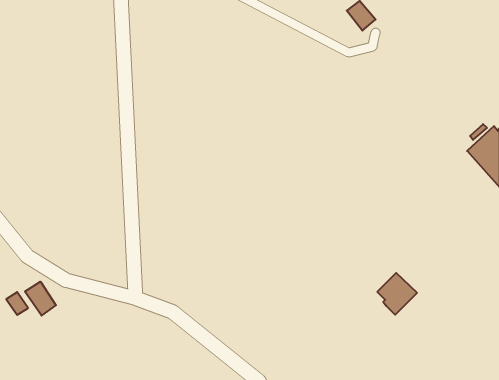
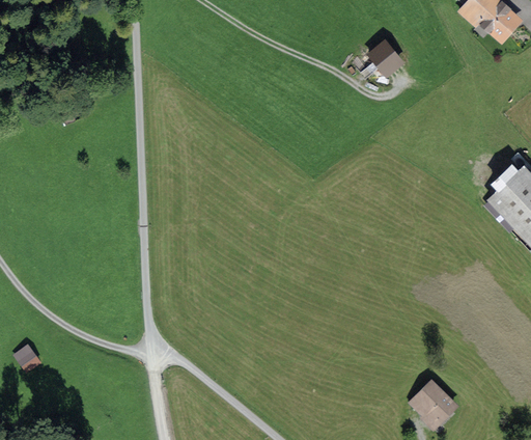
building: [377,273,417,315] -> [412,383,453,427]
building: [25,282,56,316] -> none

